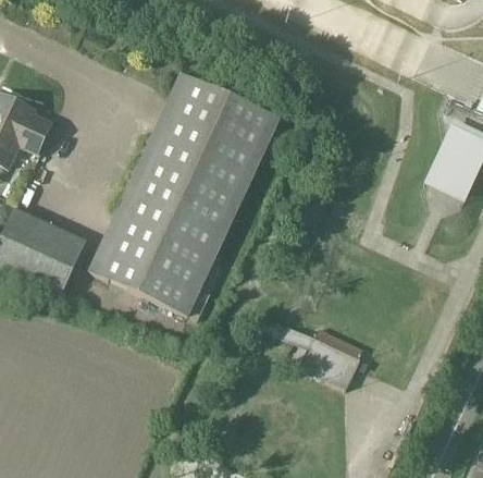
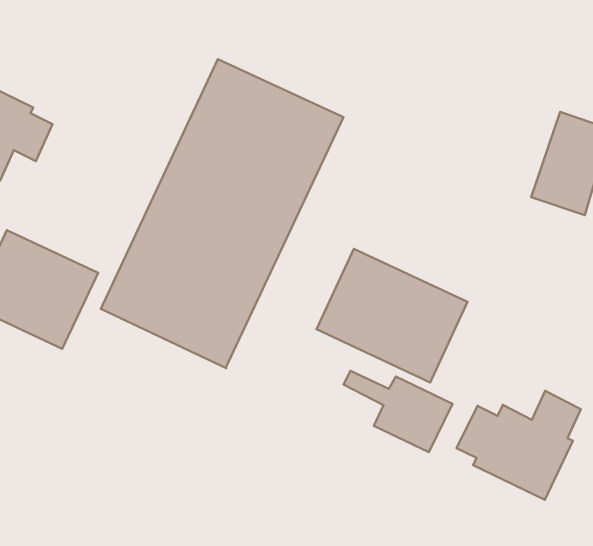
building: none -> [316,249,468,382]
building: none -> [457,391,581,500]

